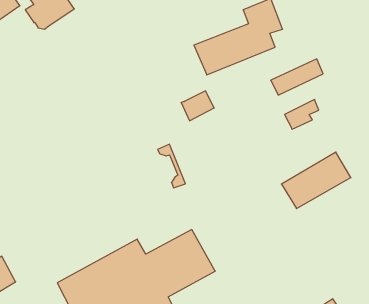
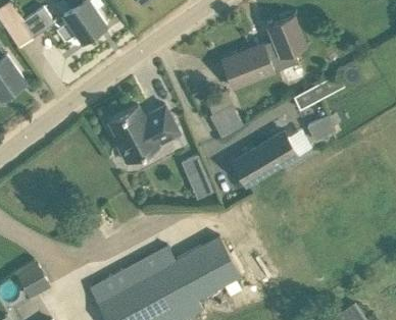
building: none -> [108,106,179,163]
building: [281,152,351,209] -> [232,131,298,185]

